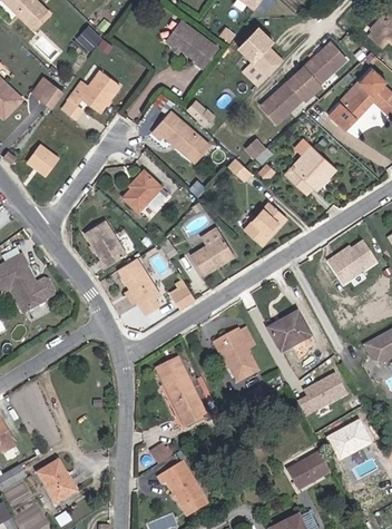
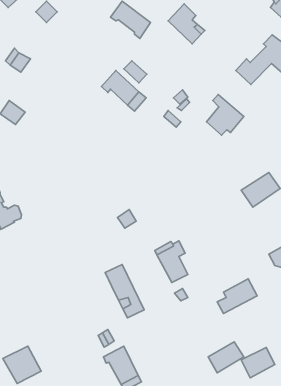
building: [259,40,344,119] -> none
building: [69,72,118,112] -> none
building: [124,170,165,210] -> none
building: [246,202,284,242] -> none
building: [87,223,127,267] -> none
building: [193,236,235,275] -> none
building: [125,267,163,314] -> none
building: [271,310,310,345] -> none
building: [329,420,371,458] -> [241,348,275,378]

